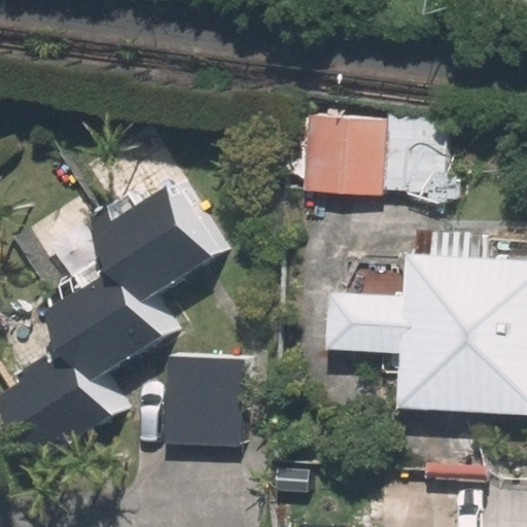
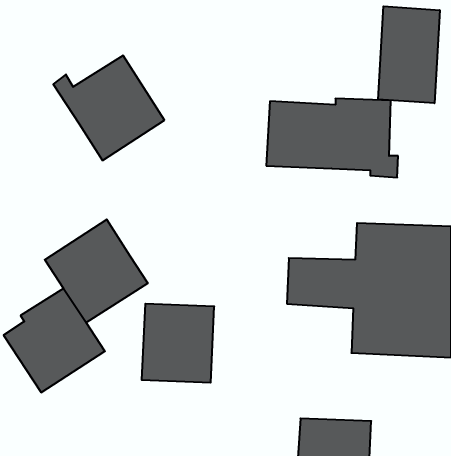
building: none -> [378,6,440,103]
building: [93,176,220,296] -> [53,56,164,160]

